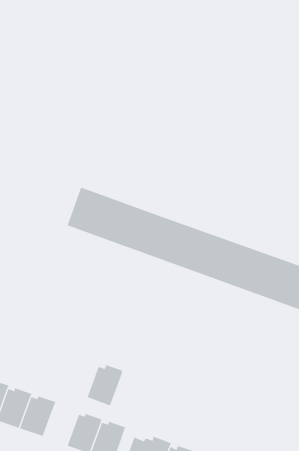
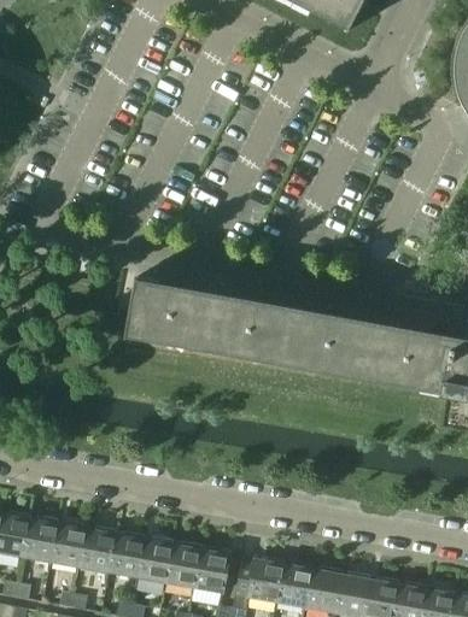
building: [87,364,123,406] -> [140,536,176,583]

